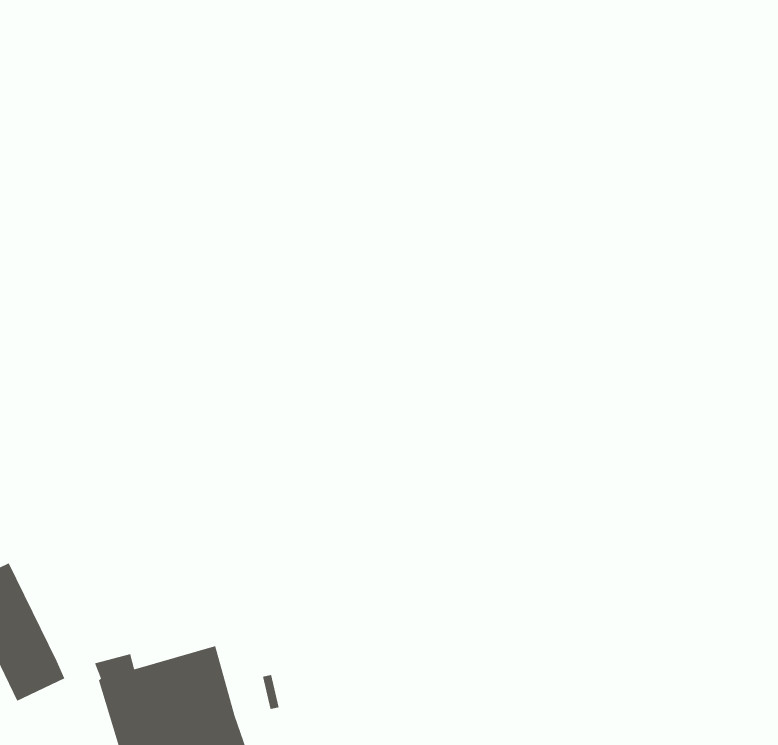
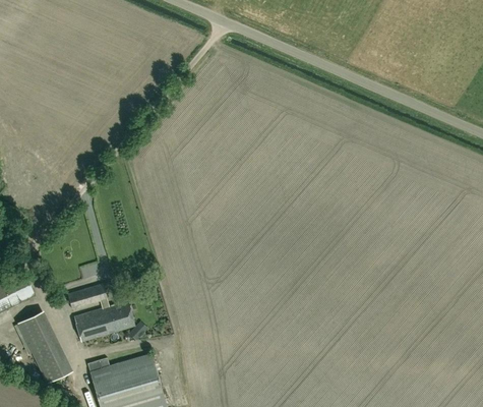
building: none -> [66,283,134,341]

